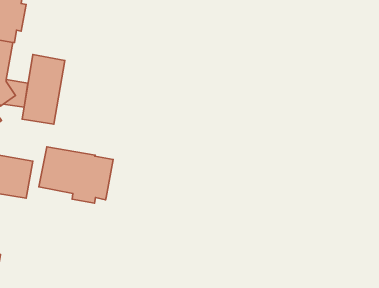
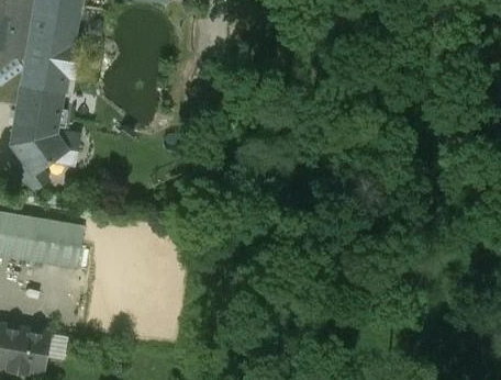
building: [22,54,65,124] -> none
building: [39,147,113,203] -> none

